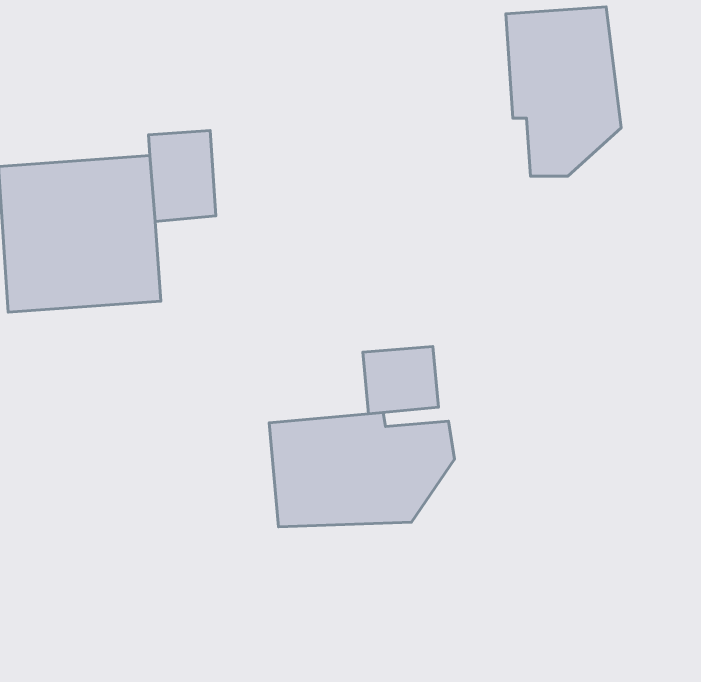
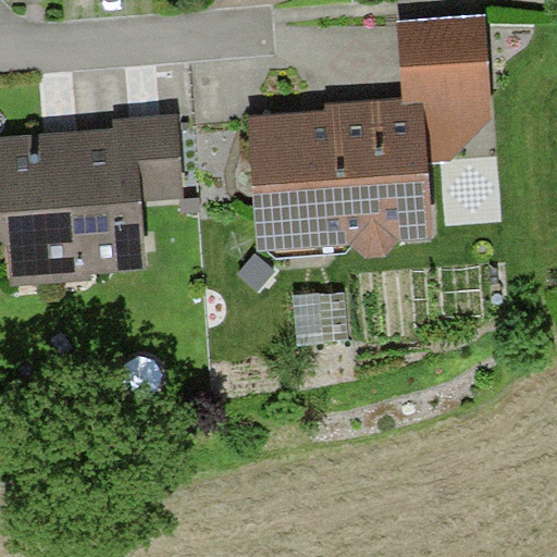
building: none -> [250,99,423,235]
building: [269,413,455,527] -> none

